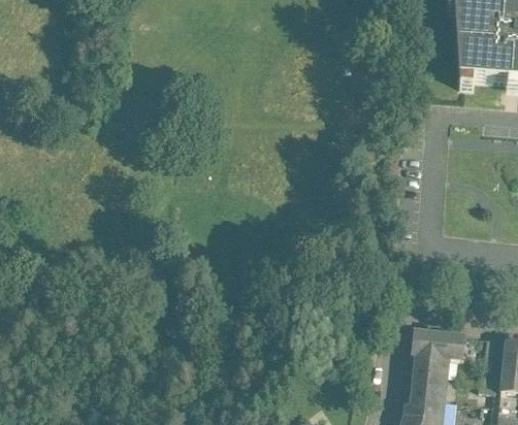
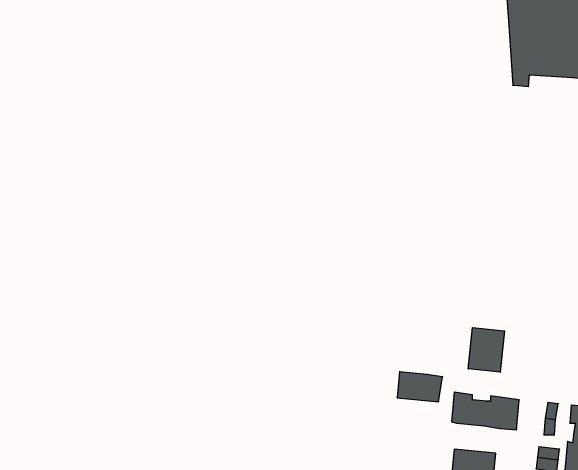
building: none -> [468,328,505,372]
building: [413,350,449,373] -> [397,372,443,402]

